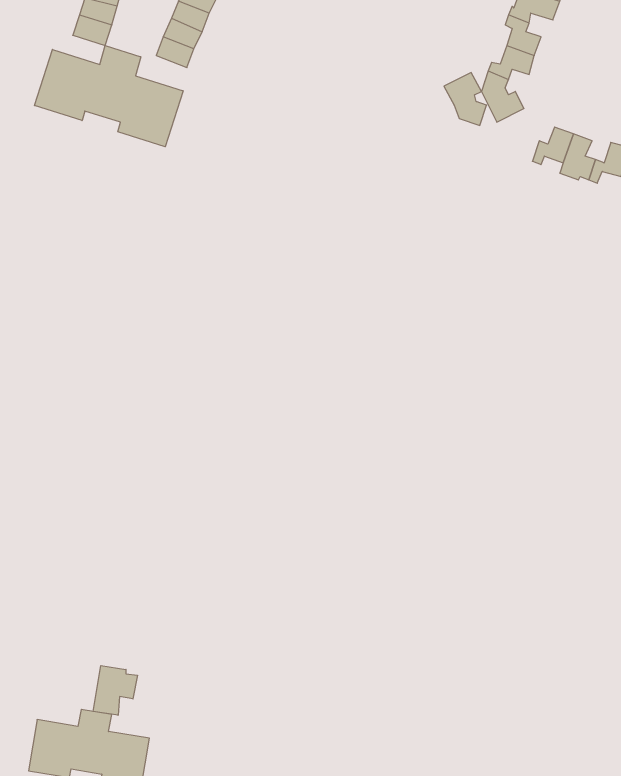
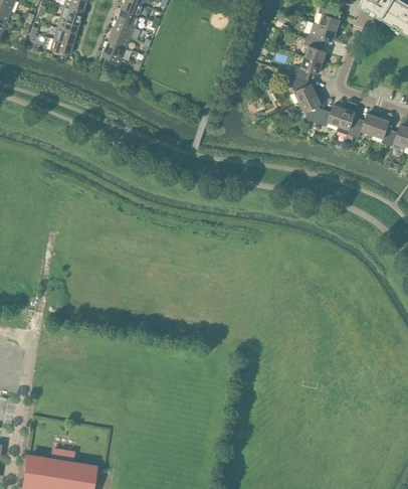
building: [35,45,183,147] -> none
building: [444,73,487,125] -> [299,94,325,125]
building: [93,666,137,715] -> none

